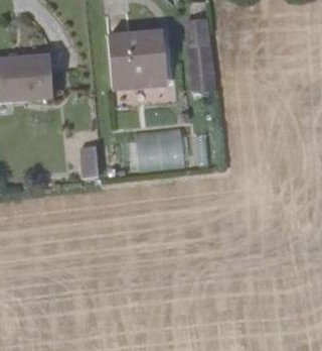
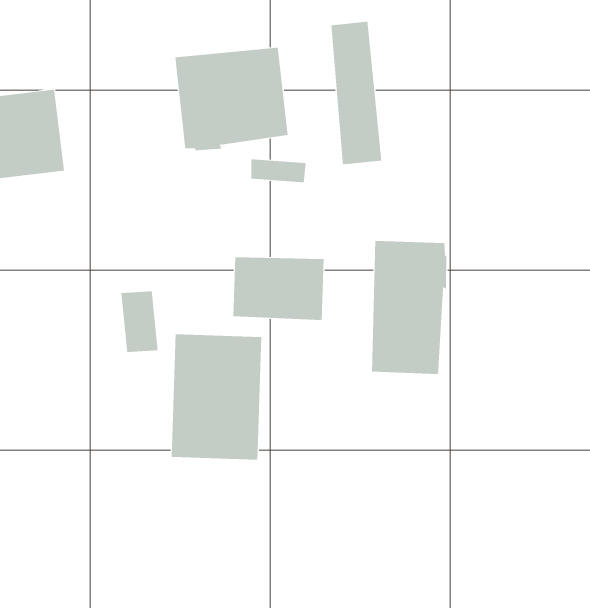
building: none -> [372,240,447,375]
building: none -> [171,333,262,461]

